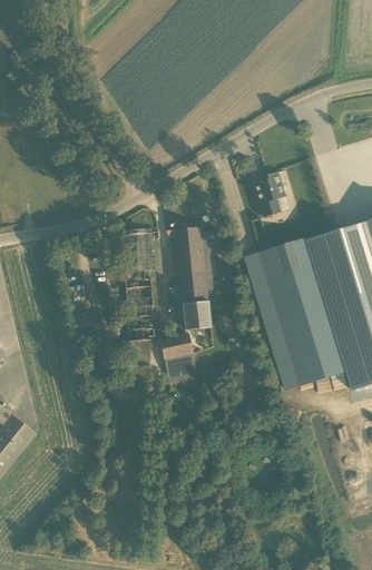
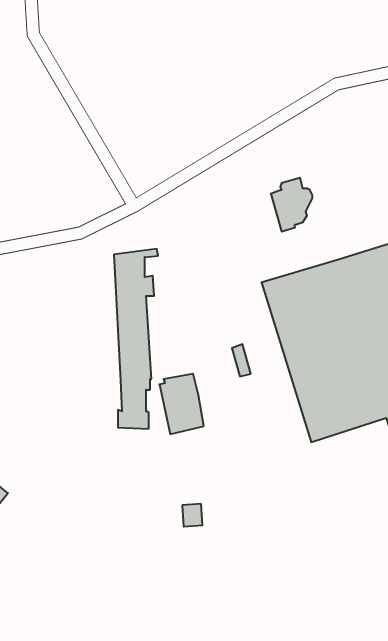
building: [166,226,213,330] -> none

